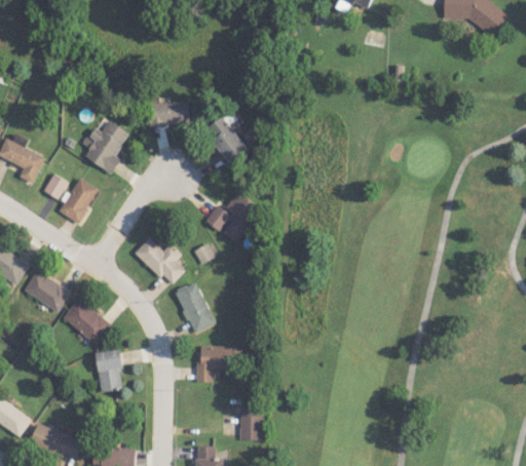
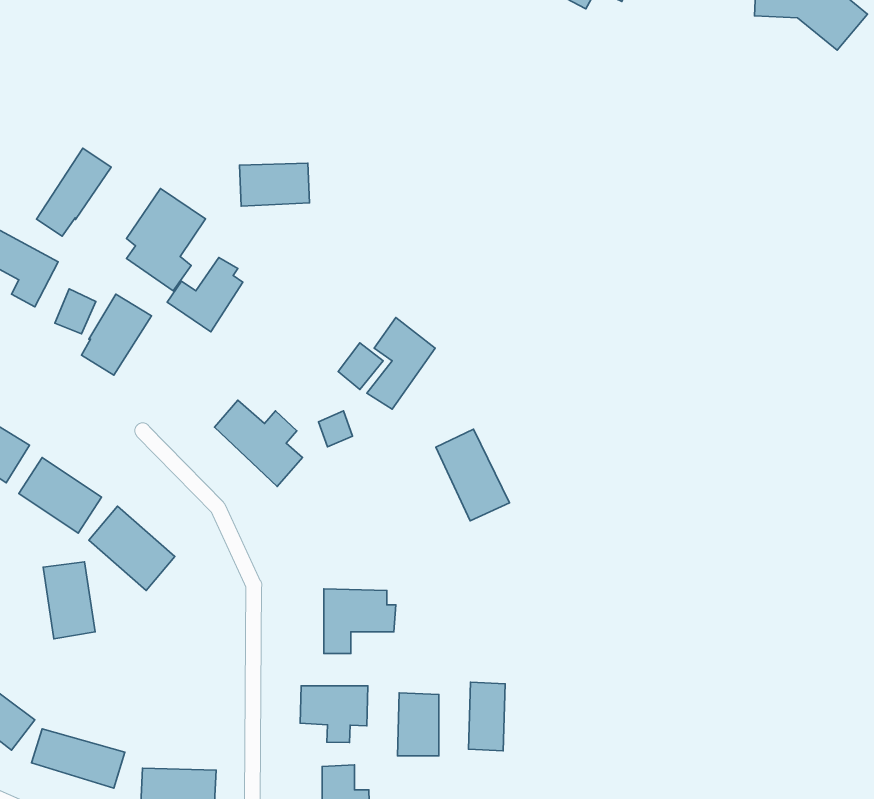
building: none -> [37,148,111,236]
building: [204,116,248,164] -> none
building: none -> [167,257,243,332]
building: [174,281,216,334] -> [436,429,509,521]
building: [95,349,124,393] -> [43,562,95,639]
building: none -> [468,682,505,751]
building: none -> [300,686,368,742]

